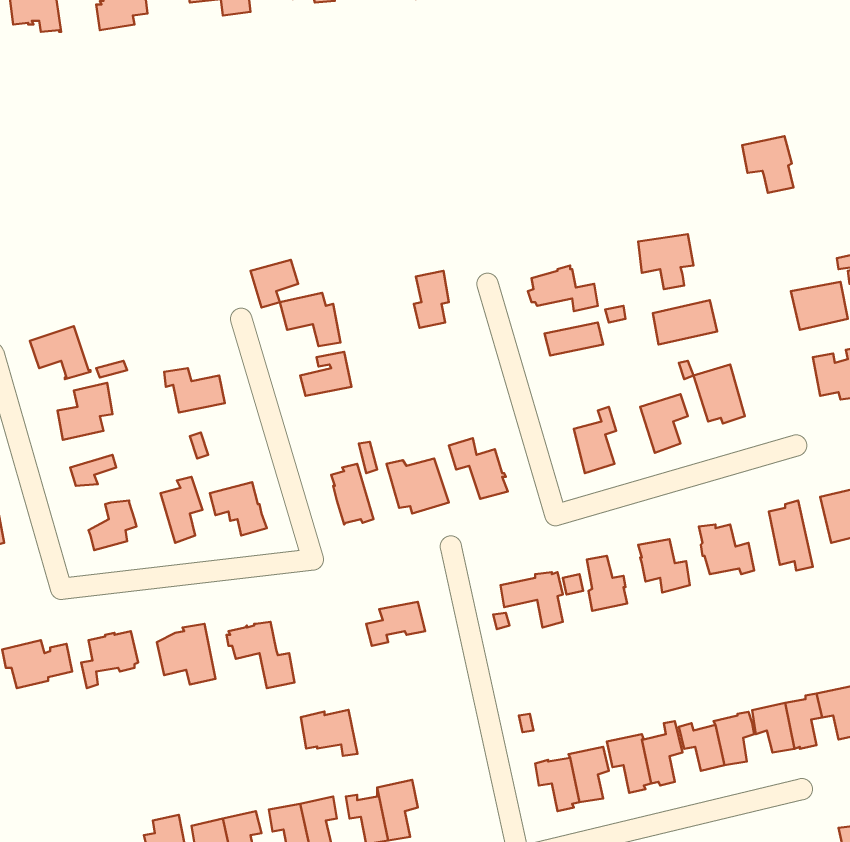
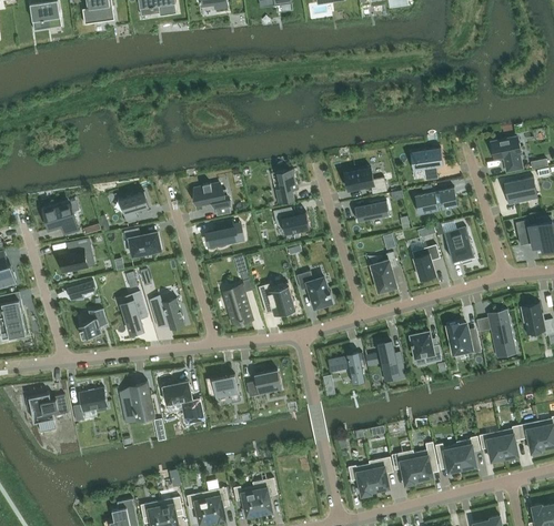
building: [742,136,794,193] -> [491,138,522,172]
building: [250,260,298,308] -> [120,192,149,221]
building: none -> [272,208,309,234]
building: [301,710,358,756] -> [205,374,240,402]

